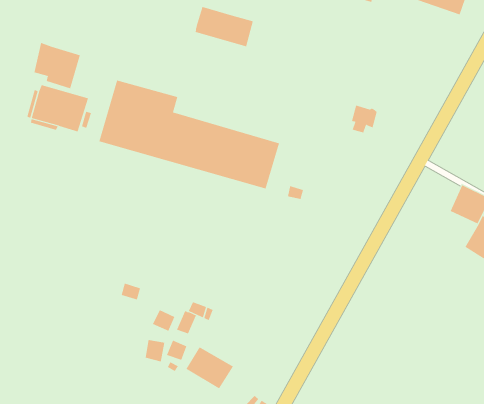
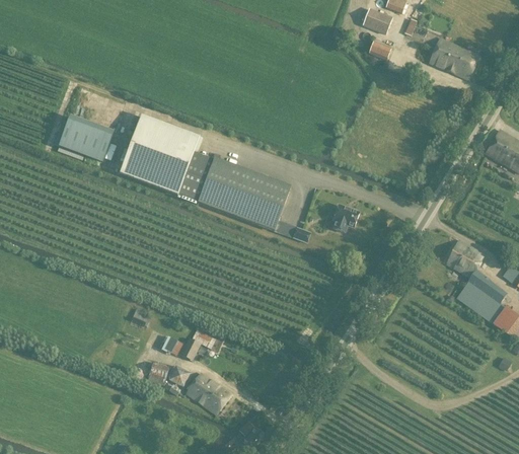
building: [195,6,253,47] -> none
building: [34,42,80,89] -> none
building: [351,105,377,133] -> [332,205,358,232]

